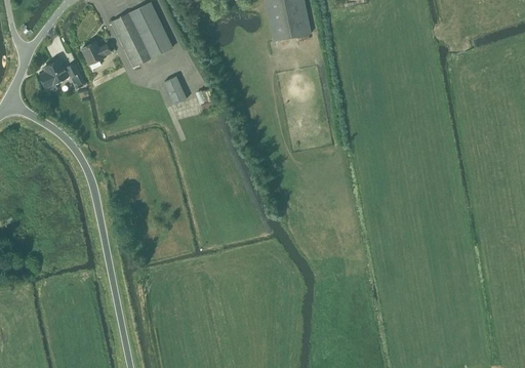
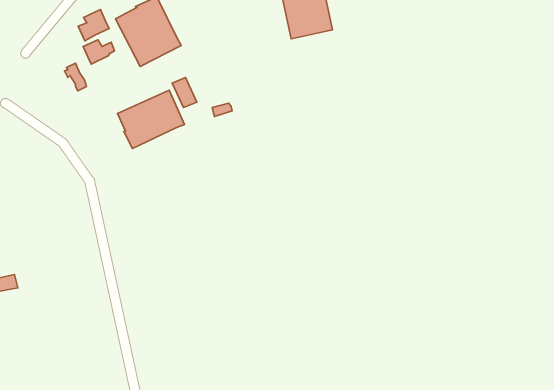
building: [38,59,67,88] -> [78,10,109,41]
building: none -> [118,90,185,149]

